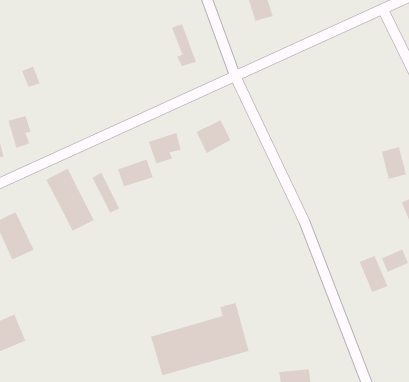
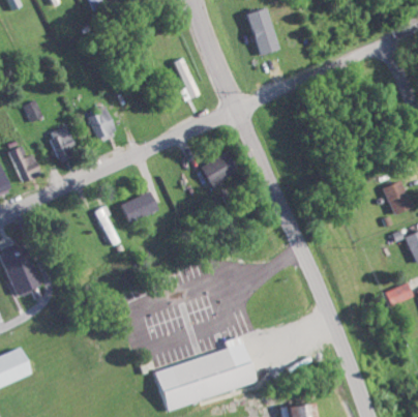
building: none -> [88,107,116,138]
building: none -> [48,125,78,156]
building: [148,132,182,164] -> none
building: [45,168,94,231] -> none
building: [359,255,388,293] -> none

